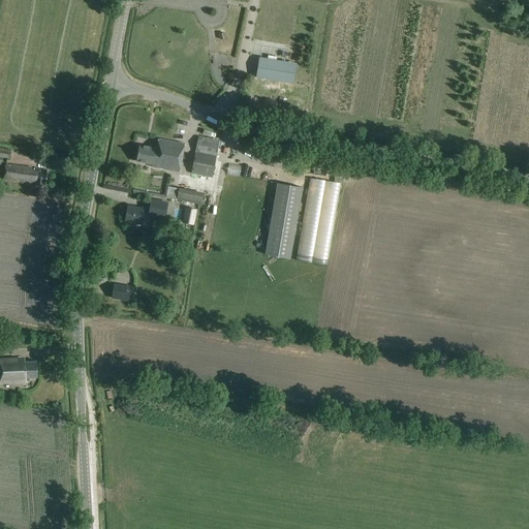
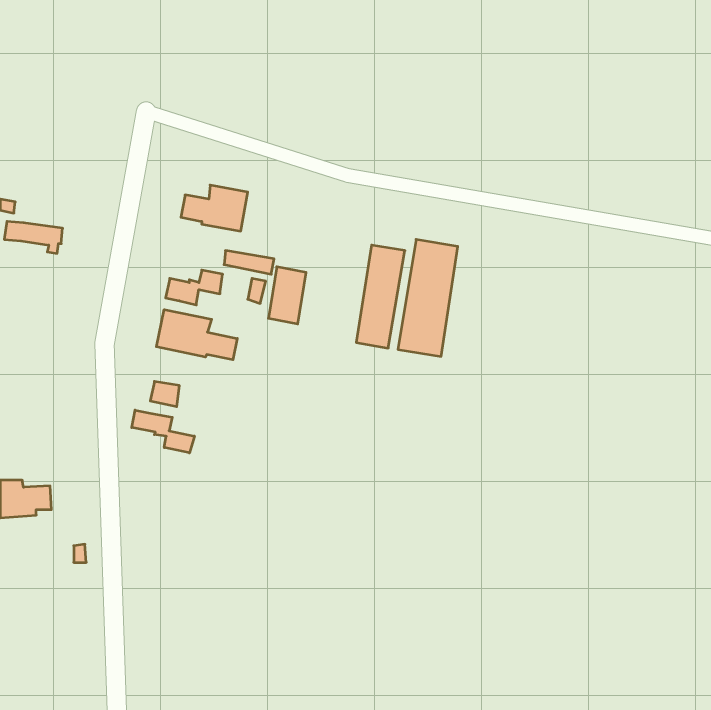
building: [258,55,298,79] -> none
building: [191,135,219,178] -> [268,267,306,324]
building: none -> [156,310,237,360]
building: none -> [132,410,194,453]

